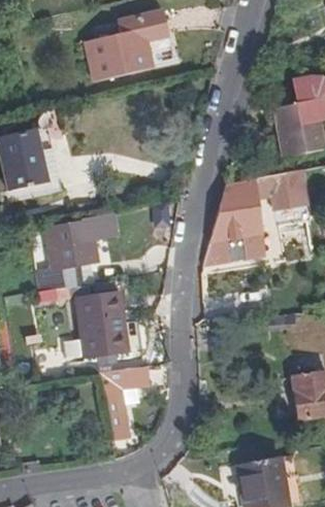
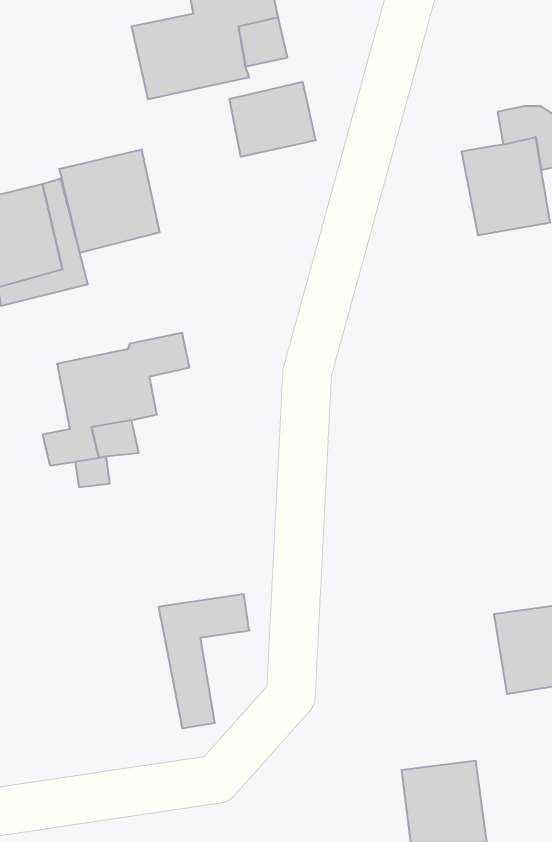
building: none -> [230,82,316,157]
building: none -> [59,149,160,253]
building: [204,167,318,261] -> none
building: [65,291,128,356] -> none

